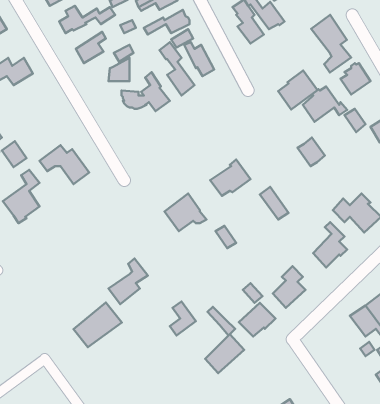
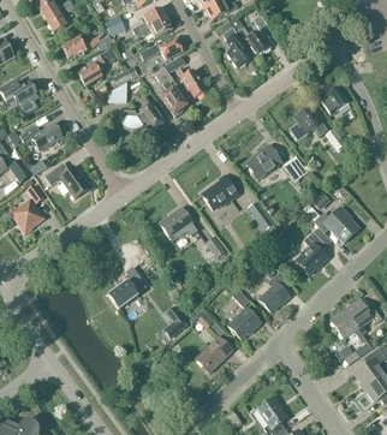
building: [311,15,351,72] -> none
building: [278,70,317,110] -> [245,143,281,179]
building: none -> [19,121,62,150]
building: [73,303,122,347] -> none

